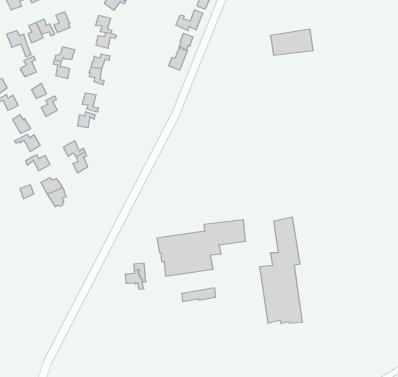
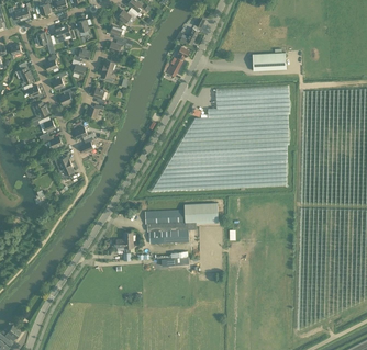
building: [260,217,302,324] -> none

